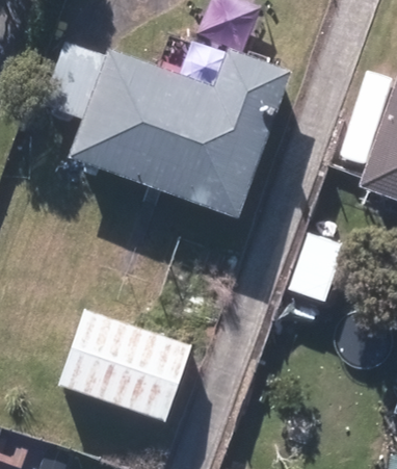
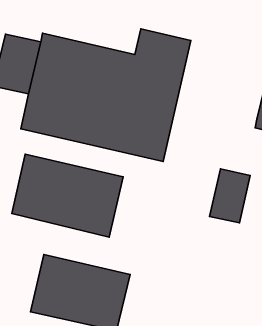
building: none -> [12,154,123,237]

